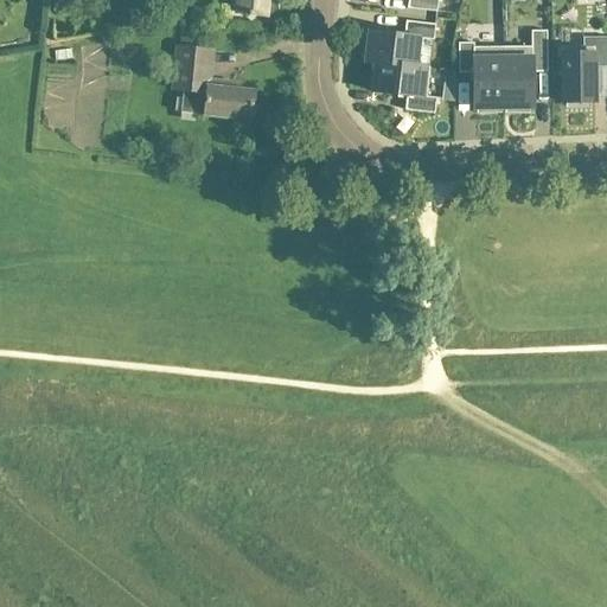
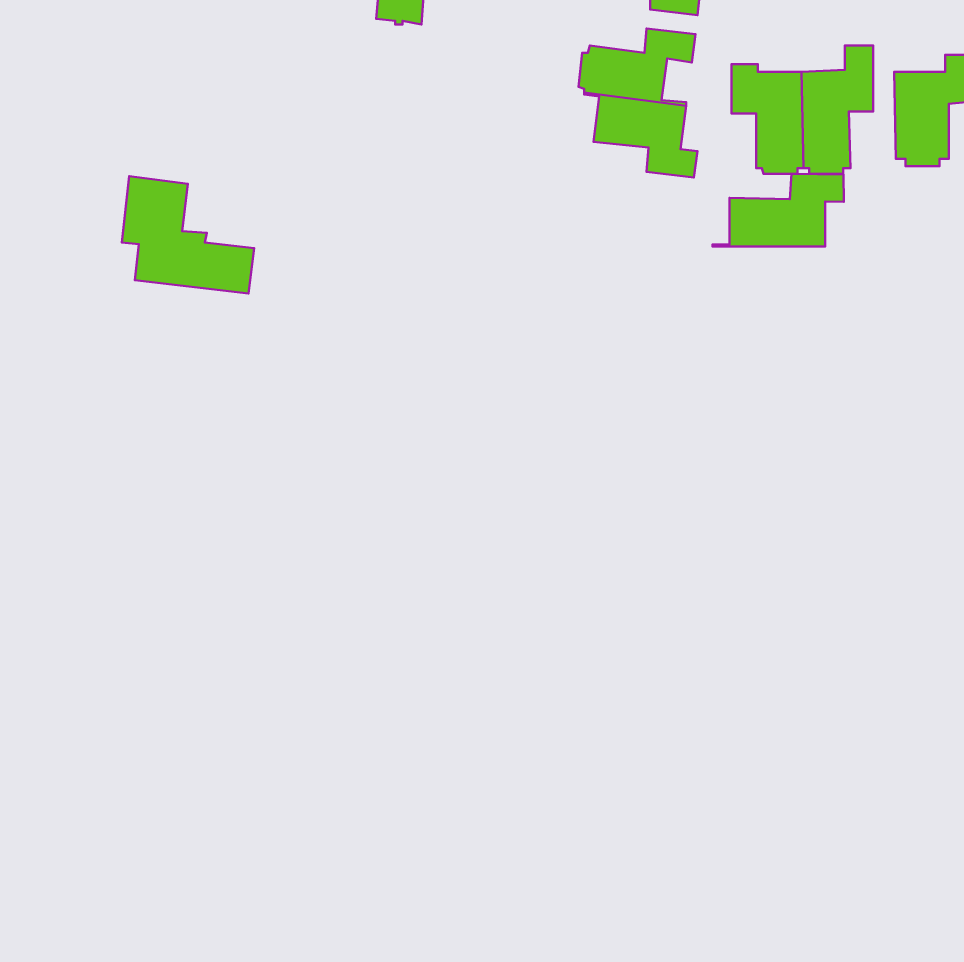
building: [173,46,256,120] -> [122,176,254,293]
building: none -> [712,174,844,247]

